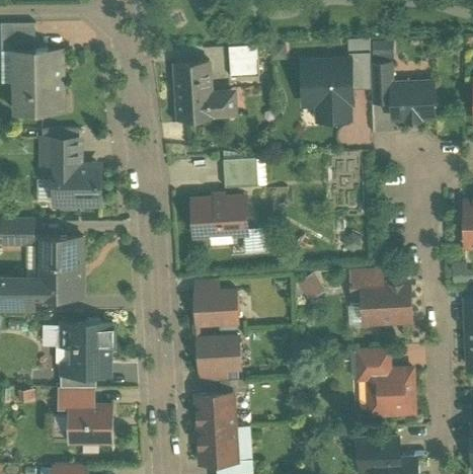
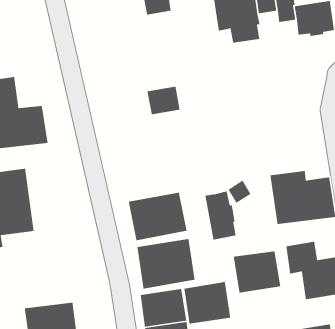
building: [175,65,235,123] -> none
building: [190,195,247,241] -> none
building: none -> [204,191,236,241]
building: [54,315,105,377] -> none
building: none -> [233,250,281,294]
building: none -> [184,281,231,324]

